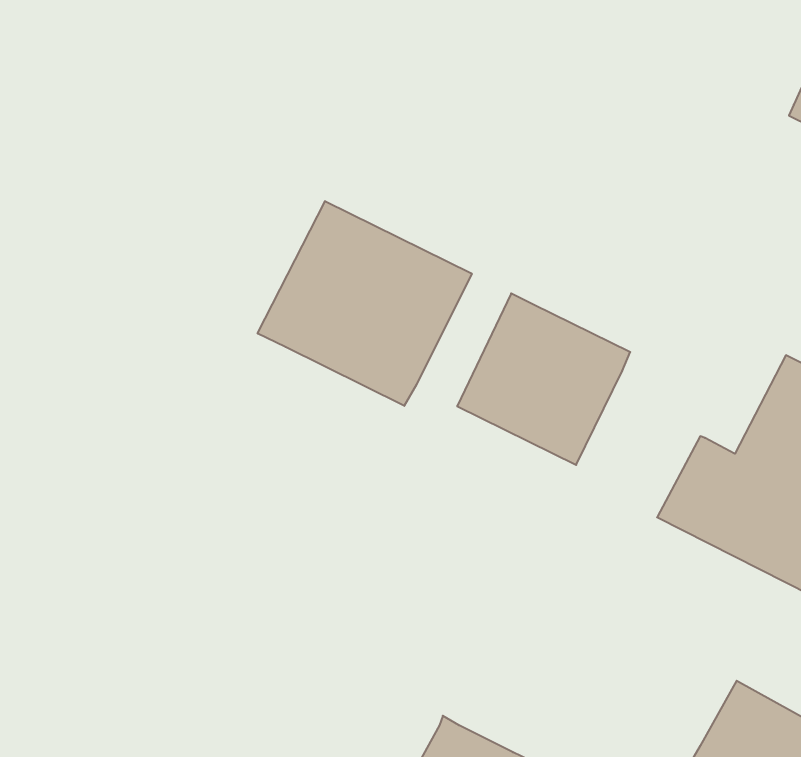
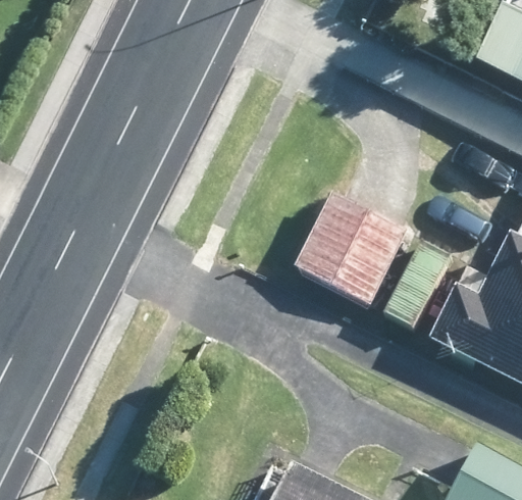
building: [258,201,472,406] -> none

